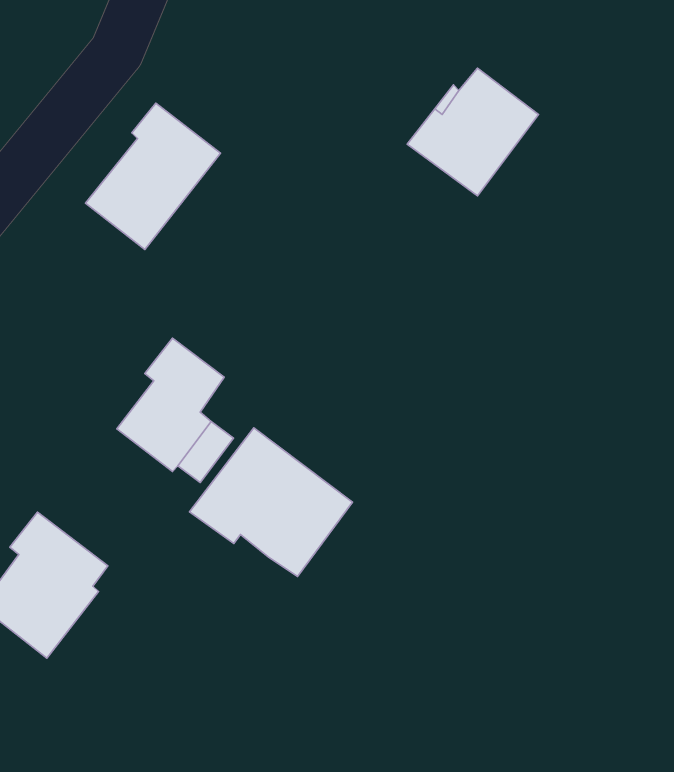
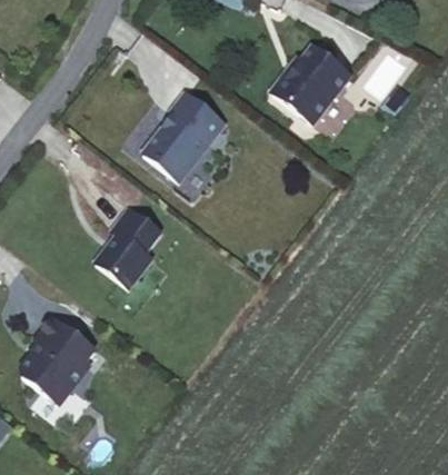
building: [86,103,221,249] -> [142,91,223,179]
building: [190,428,353,577] -> none

